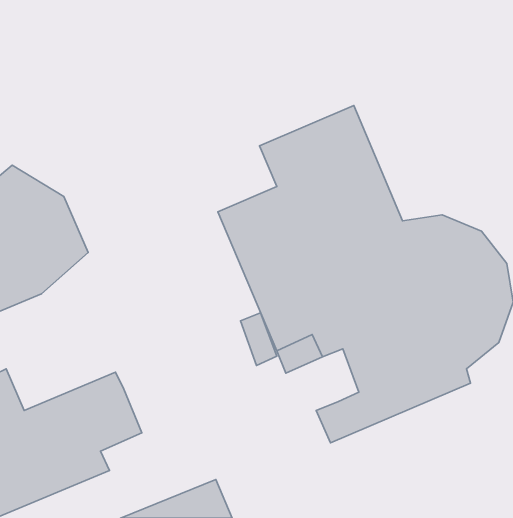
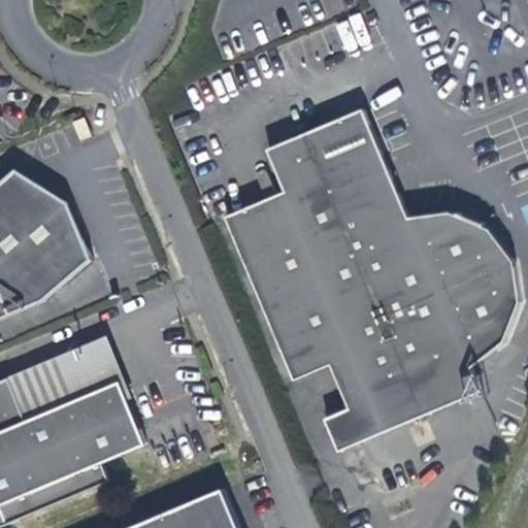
building: [240,313,277,365] -> [328,355,365,408]
building: none -> [6,333,130,418]

